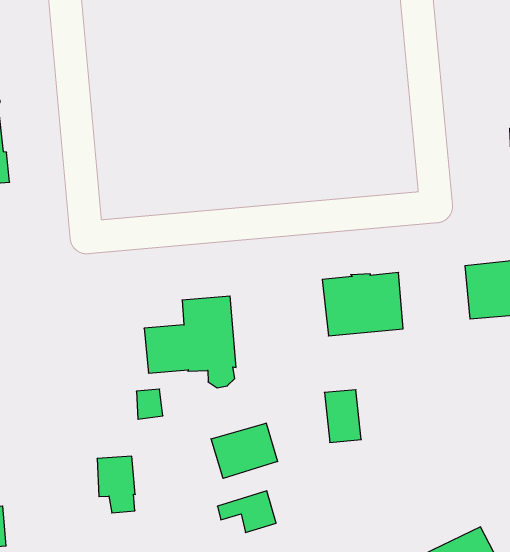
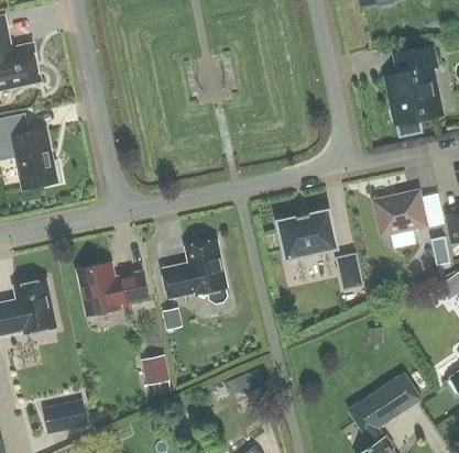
building: none -> [77,262,149,314]
building: [324,390,361,442] -> [335,253,363,290]
building: [211,423,278,478] -> none

